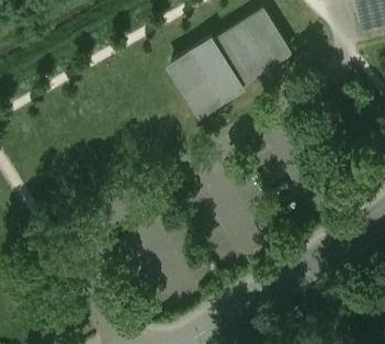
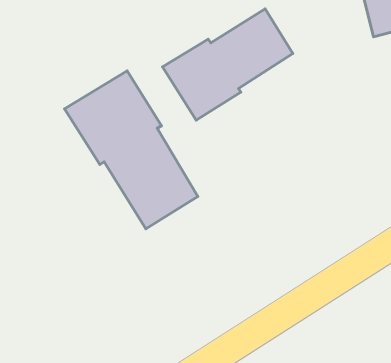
building: none -> [64,71,198,229]

